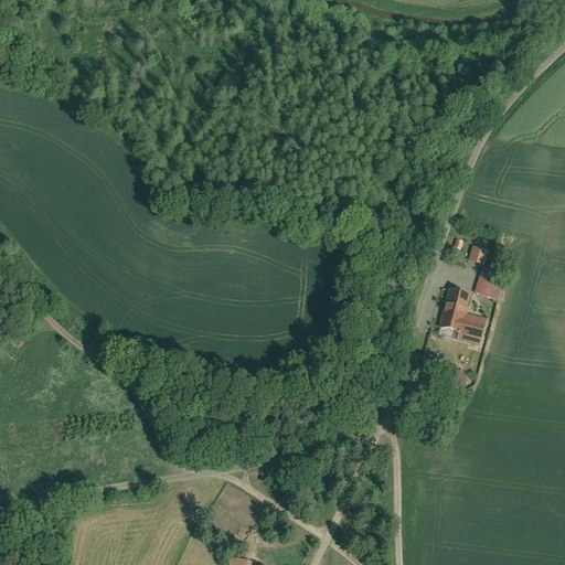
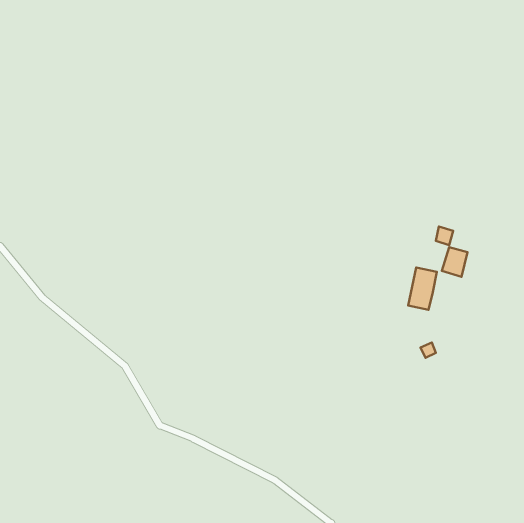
building: [460,315,486,345] -> none

